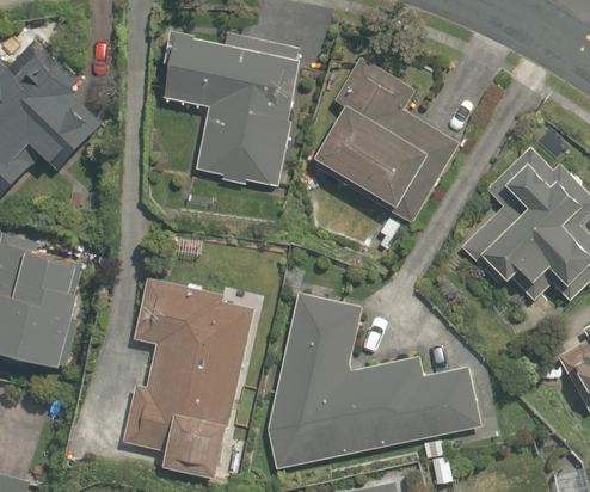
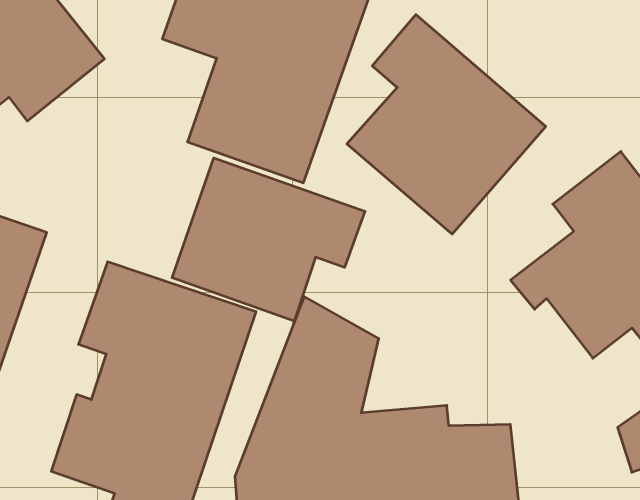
building: none -> [172,158,365,321]

